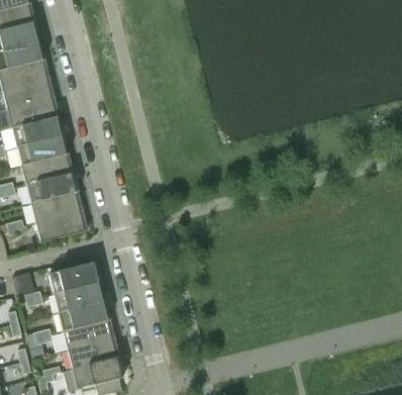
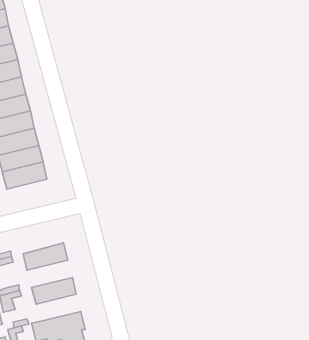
building: [35,210,85,241] -> none
building: [48,262,98,293] -> none
building: [58,300,108,330] -> none
building: [68,337,117,368] -> none

